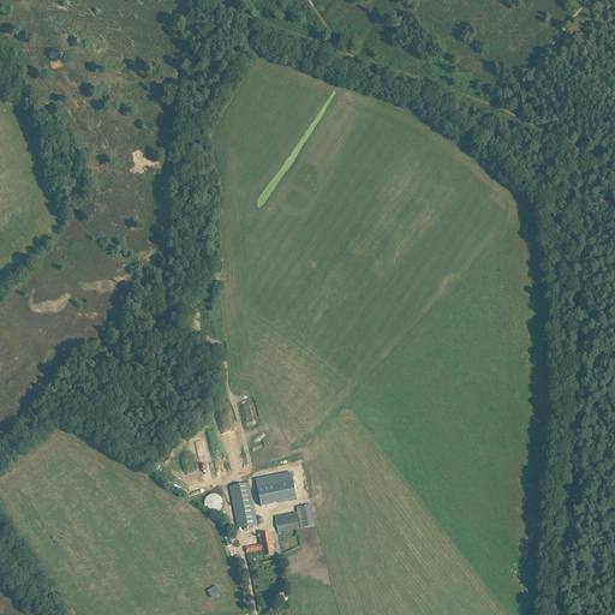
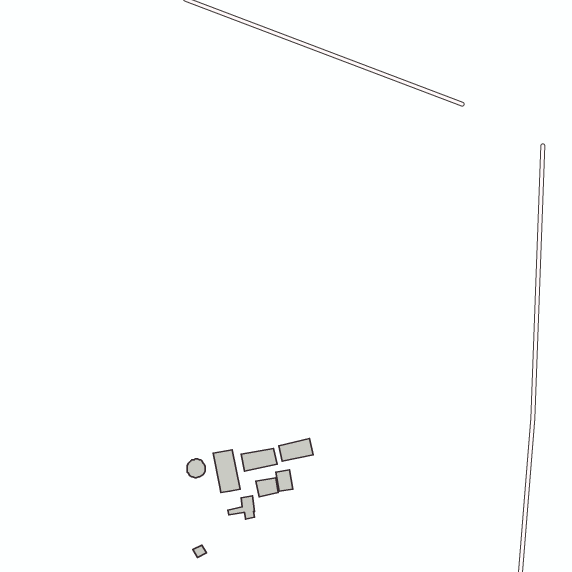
building: none -> [279,438,313,461]

